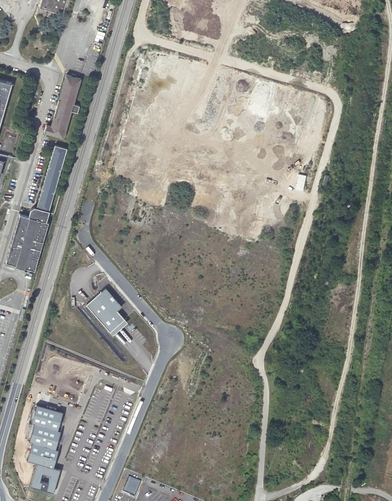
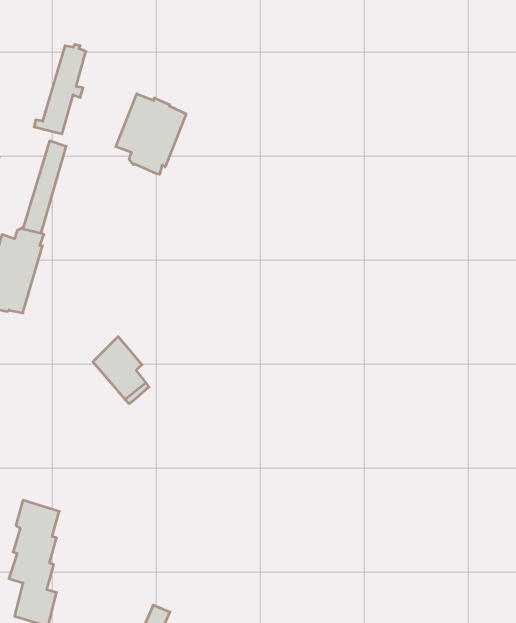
building: none -> [116,94,186,174]

